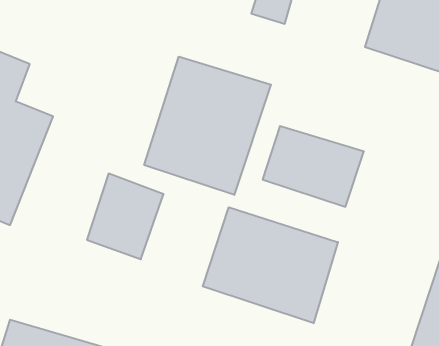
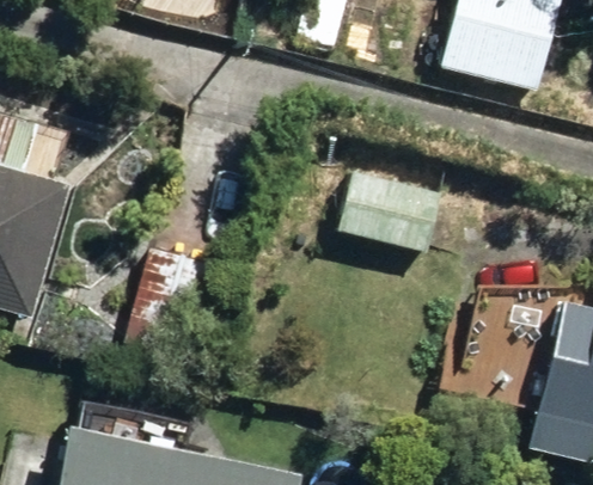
building: [144,57,271,195] -> none
building: [203,207,338,323] -> none

